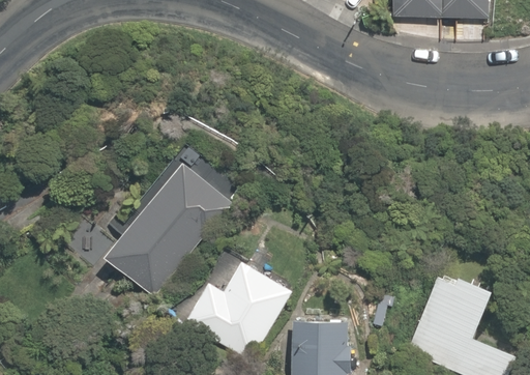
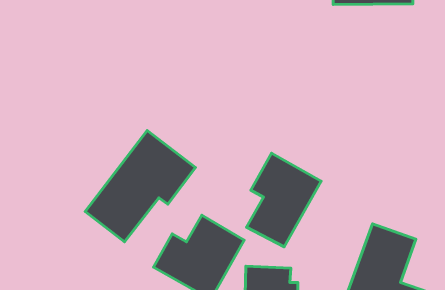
building: none -> [247,153,321,247]

